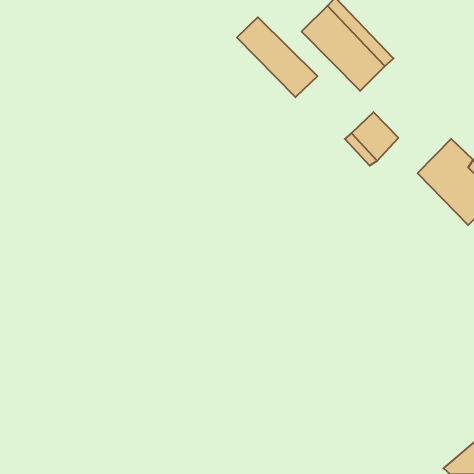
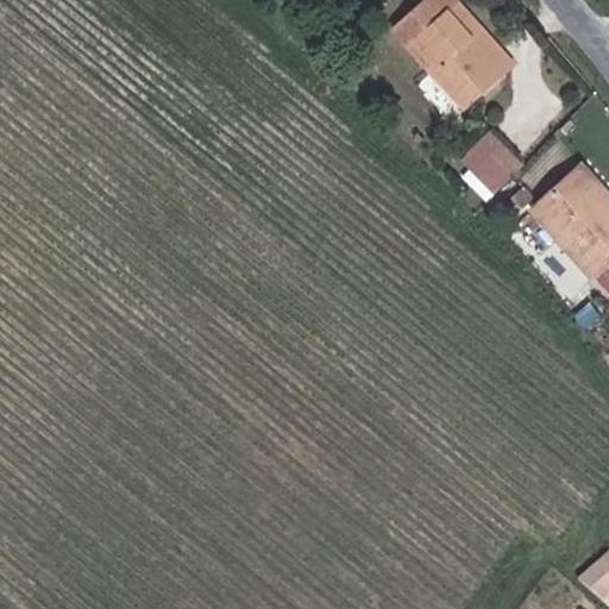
building: [237,17,317,97] -> none

